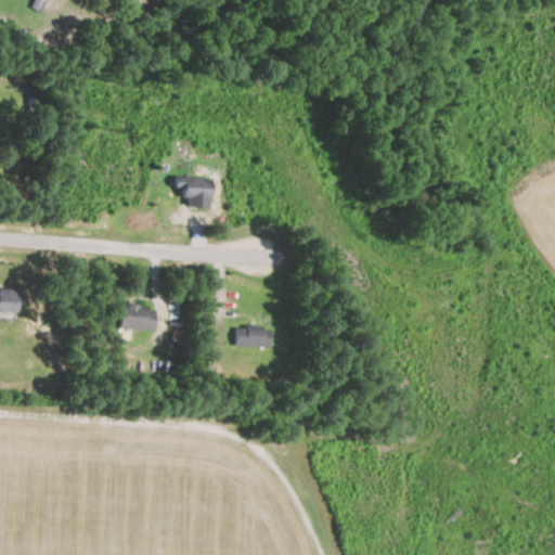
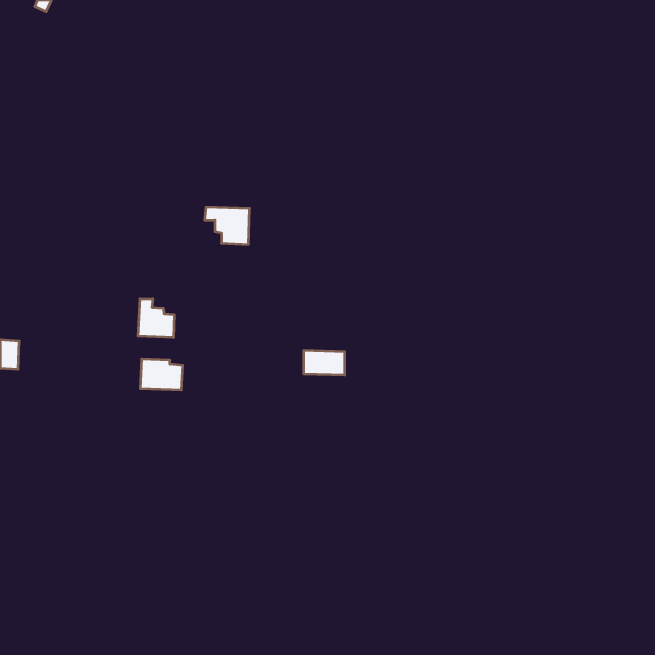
building: none -> [138,299,174,338]
building: [236,326,271,347] -> [304,351,345,375]

